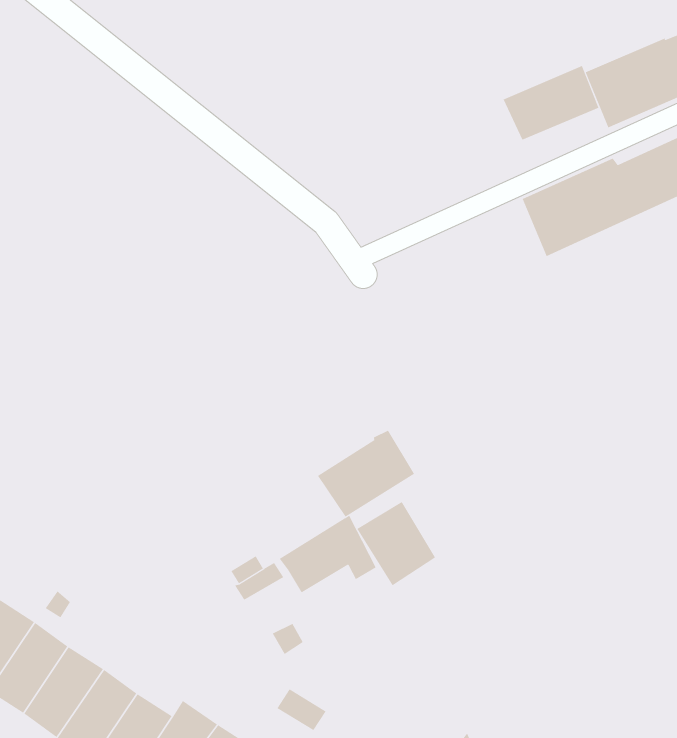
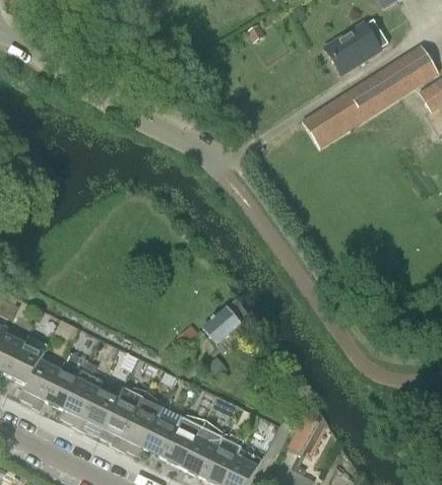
building: [503,65,599,140] -> none
building: [317,430,415,518] -> none
building: [356,501,436,586] -> none

